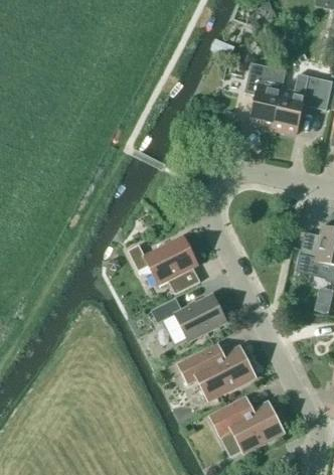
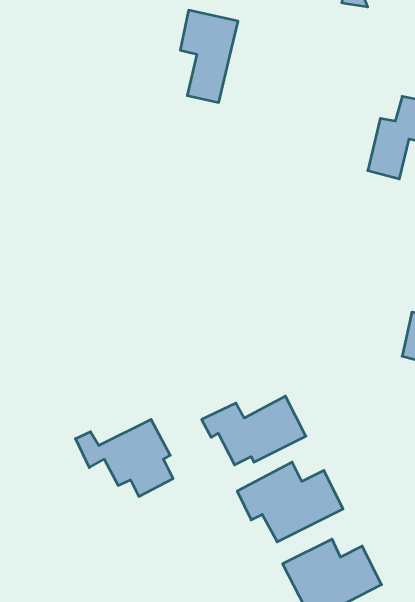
building: [244,61,287,129] -> [180,10,238,102]
building: [128,236,199,293] -> [75,419,173,496]

